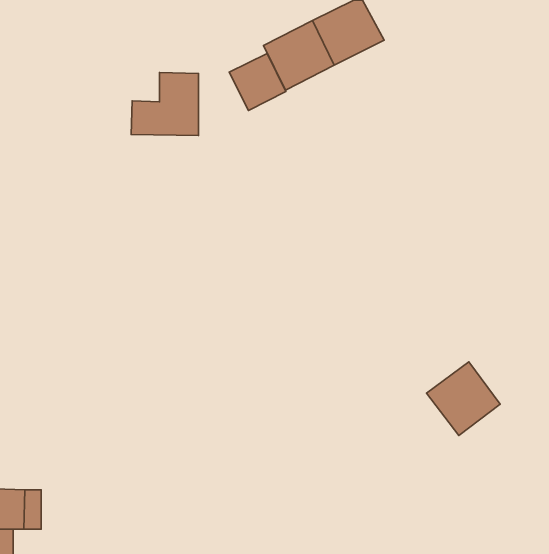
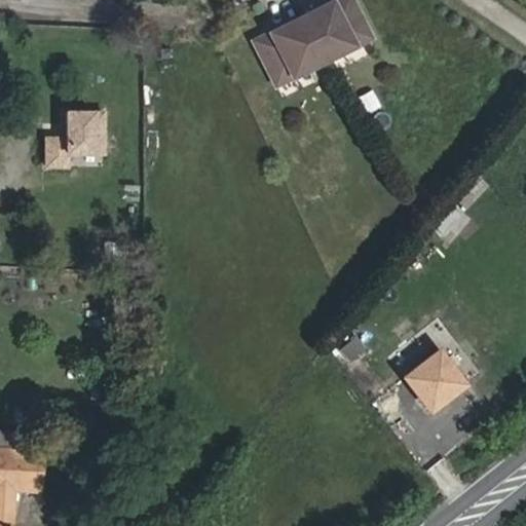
building: [229,53,286,111] -> none
building: [131,72,198,135] -> [42,106,106,165]

